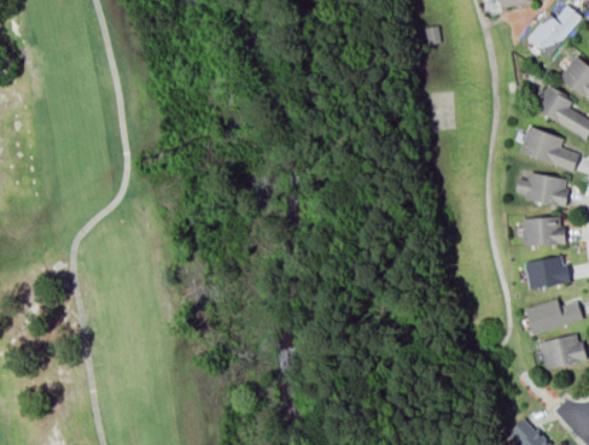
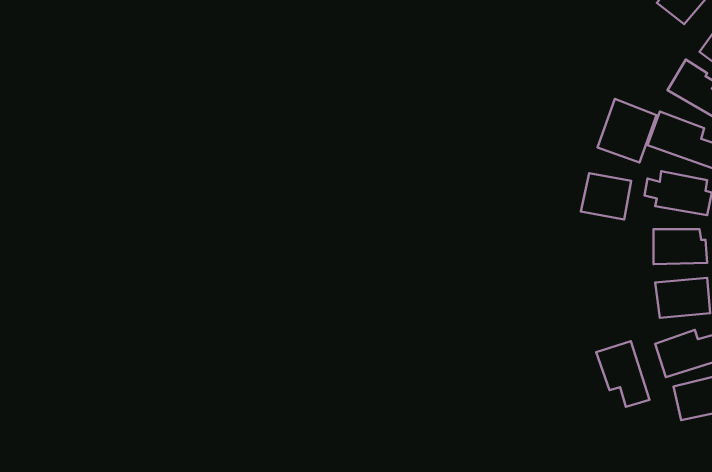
building: none -> [598,99,656,163]
building: none -> [581,173,631,219]
building: none -> [596,341,649,407]

